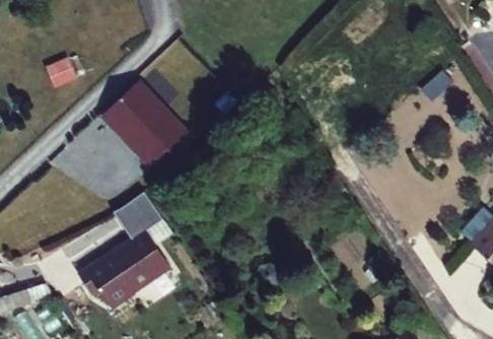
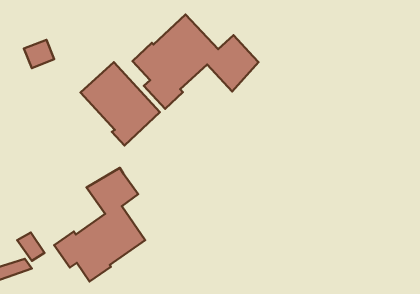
building: none -> [132,15,259,109]

